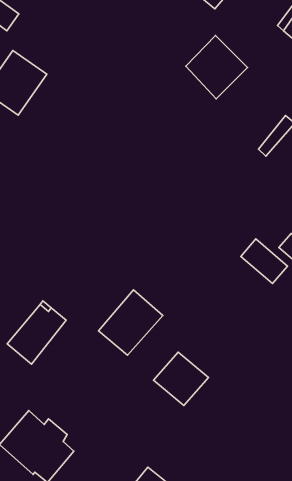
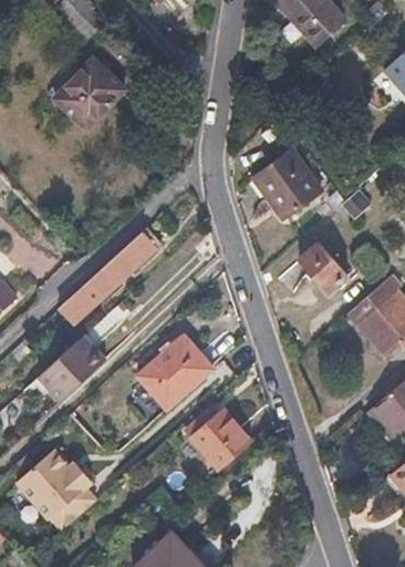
building: [186,35,248,99] -> [252,153,319,221]
building: none -> [62,225,164,321]
building: [241,239,287,284] -> [300,240,349,291]

